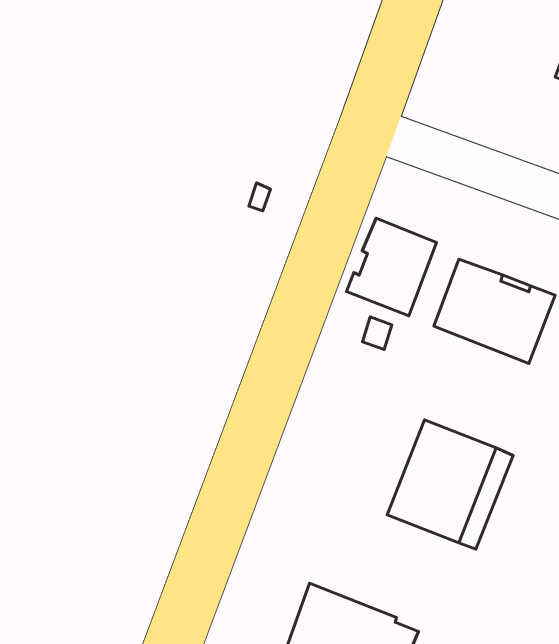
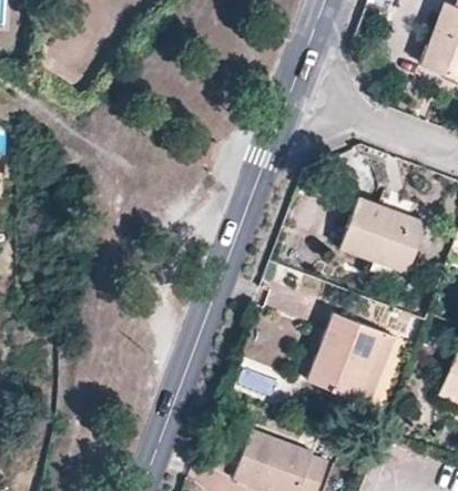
building: [346,218,437,316] -> none

